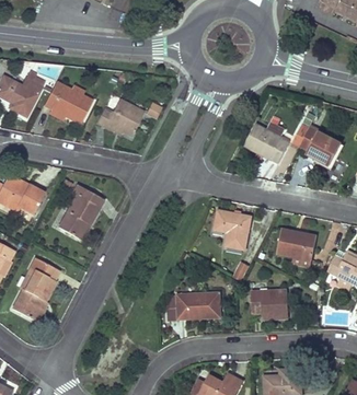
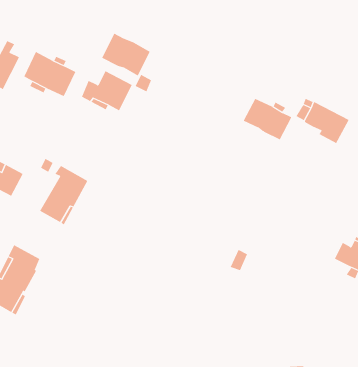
building: none -> [102,33,150,77]
building: [215,209,252,249] -> none
building: [277,228,318,266] -> none
building: [251,290,289,317] -> none
building: [168,292,221,320] -> none

